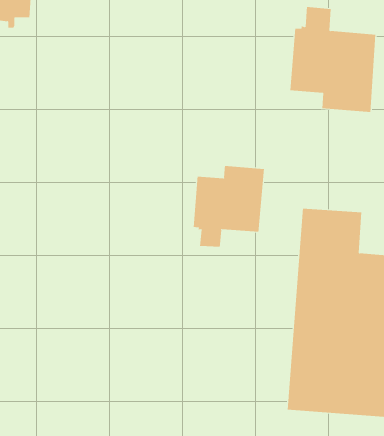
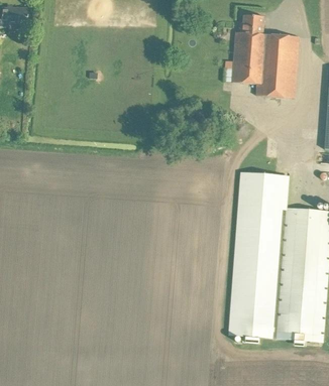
building: [193,165,265,248] -> none

